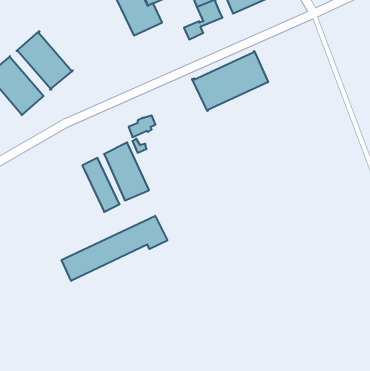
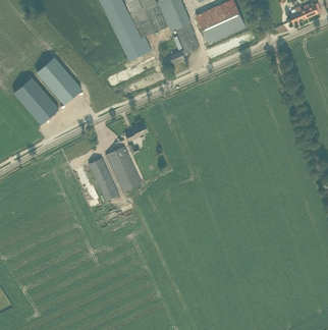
building: [192,51,268,111] -> none
building: [62,216,167,281] -> none

